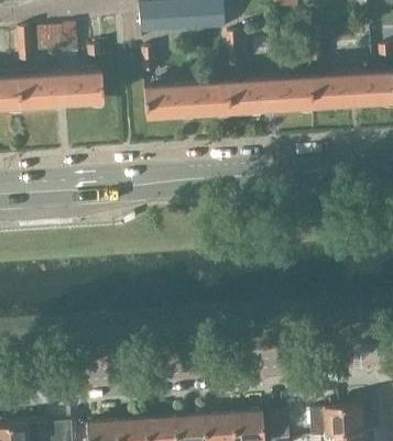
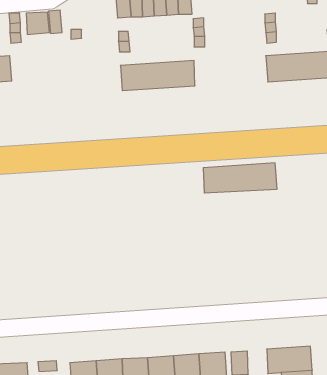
building: [19,71,103,104] -> none
building: [228,76,312,110] -> [203,163,277,193]

